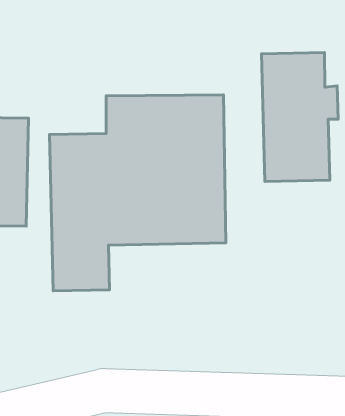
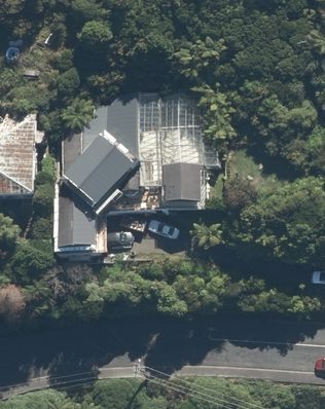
building: [262,52,338,181] -> none

